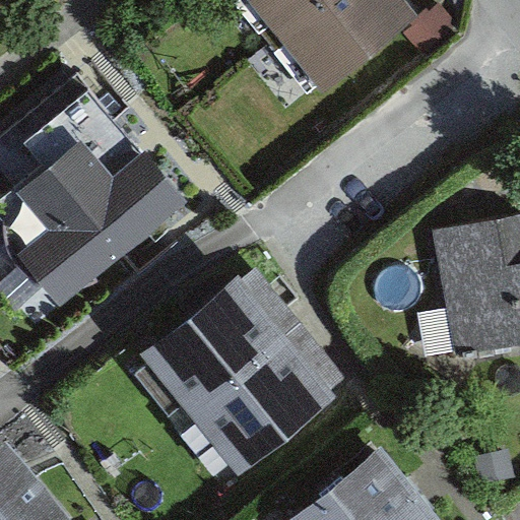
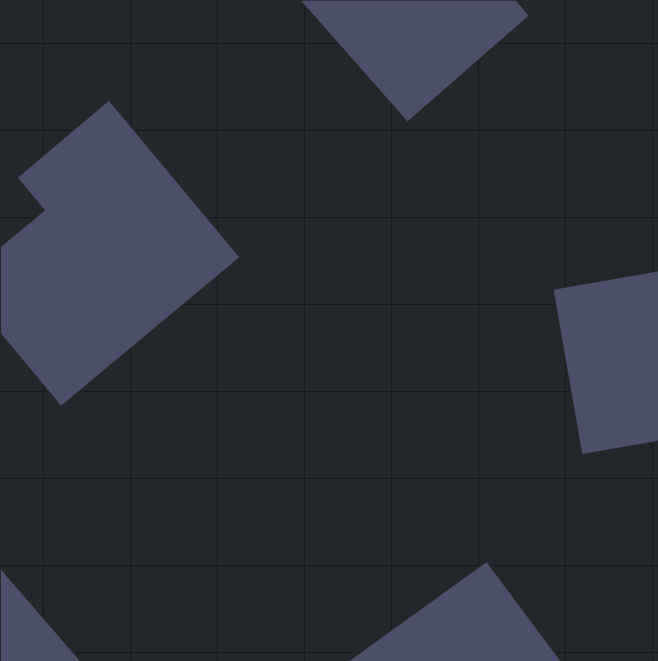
building: [141,276,331,470] -> none

